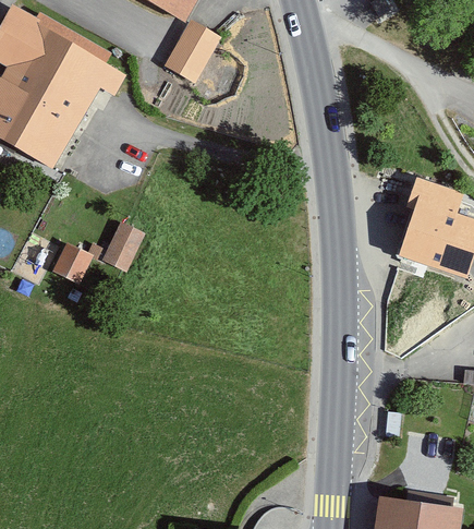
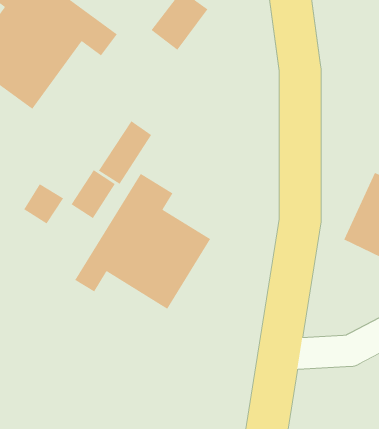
building: none -> [98,120,152,185]
building: none -> [74,173,211,310]

